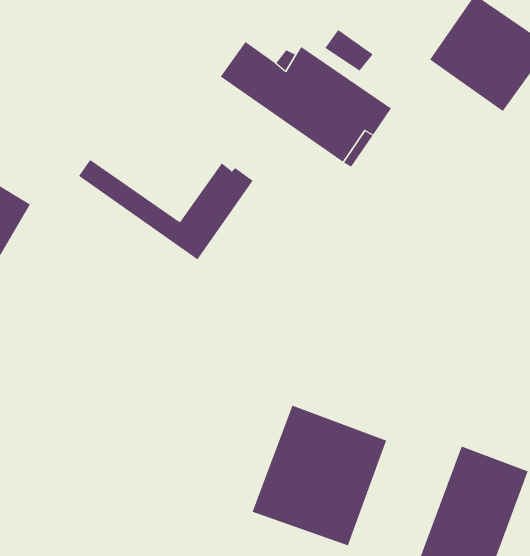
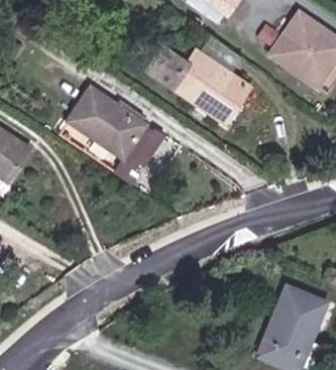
building: none -> [66,84,144,154]
building: [252,405,387,546] -> none

